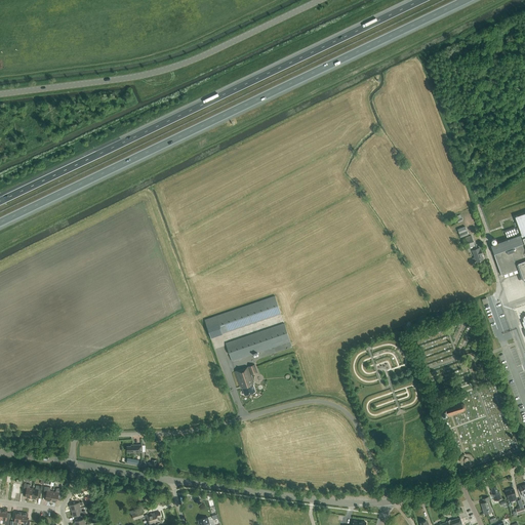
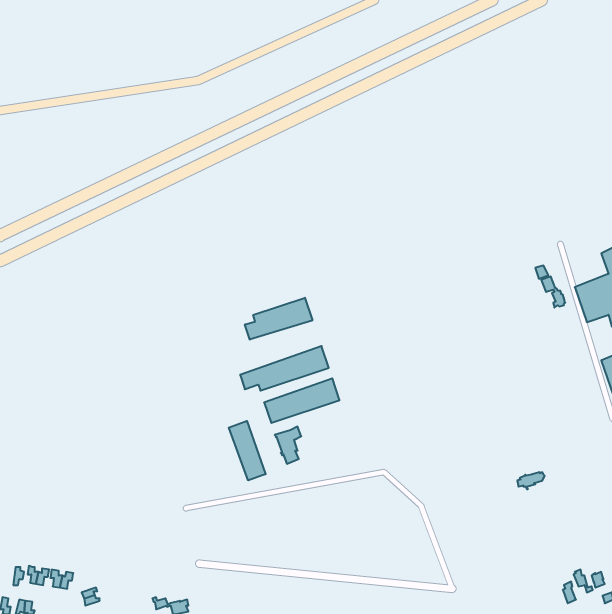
building: none -> [245,298,312,340]
building: none -> [229,421,266,480]

